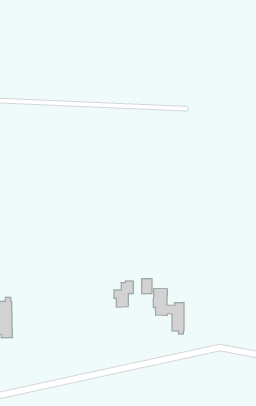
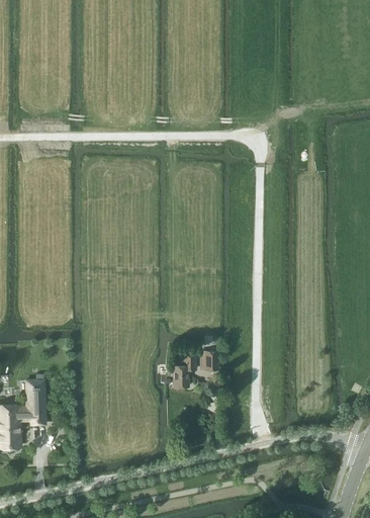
building: [154,288,184,334] -> none

